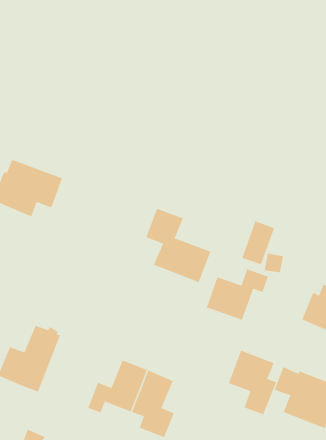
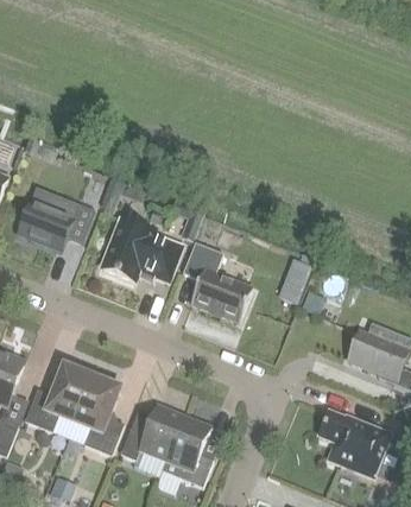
building: none -> [101,218,181,280]
building: [206,268,269,321] -> none
building: none -> [67,376,122,455]
building: [228,350,277,415] -> none

